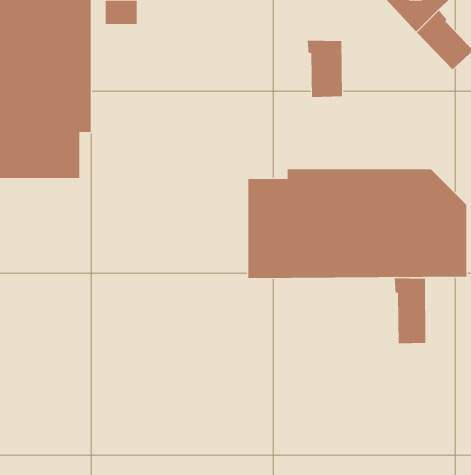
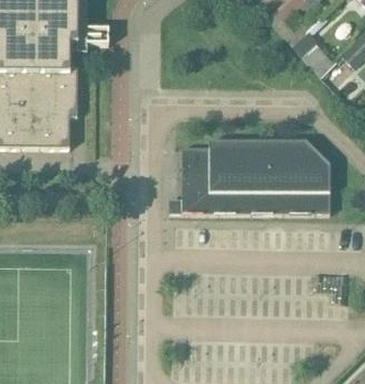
building: [307,40,342,98] -> none
building: [394,277,426,344] -> none

